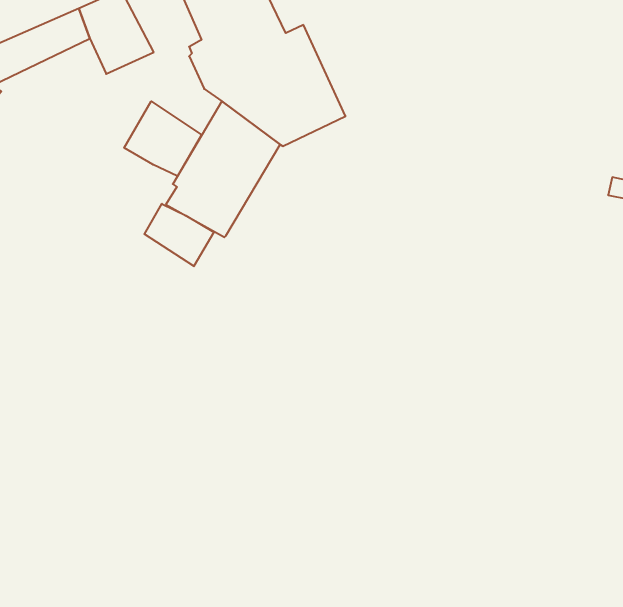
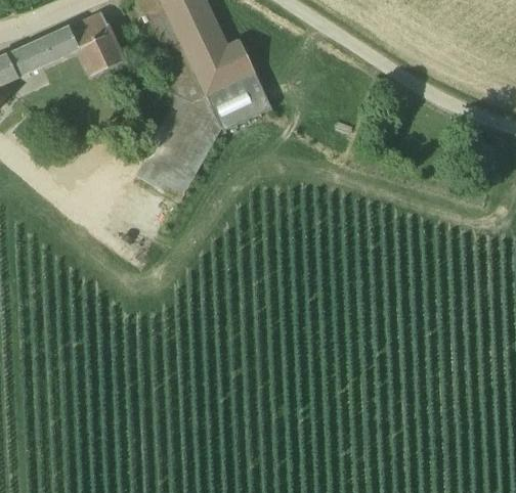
building: [124,101,201,176] -> none
building: [144,204,214,266] -> none

